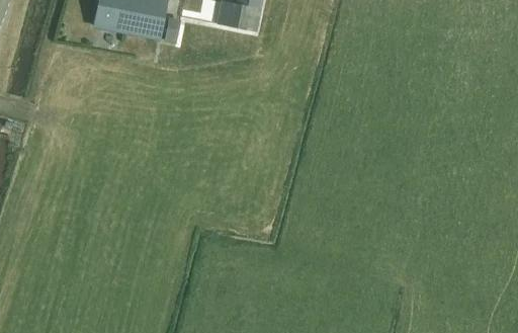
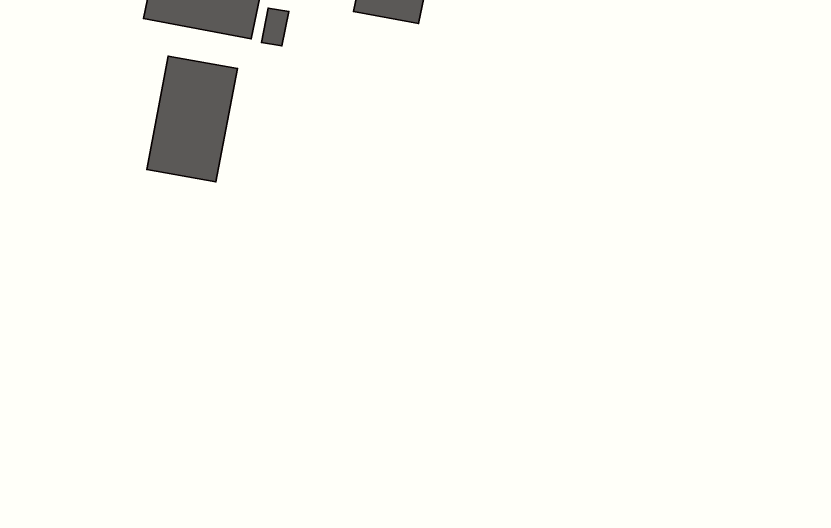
building: none -> [147,56,237,182]

